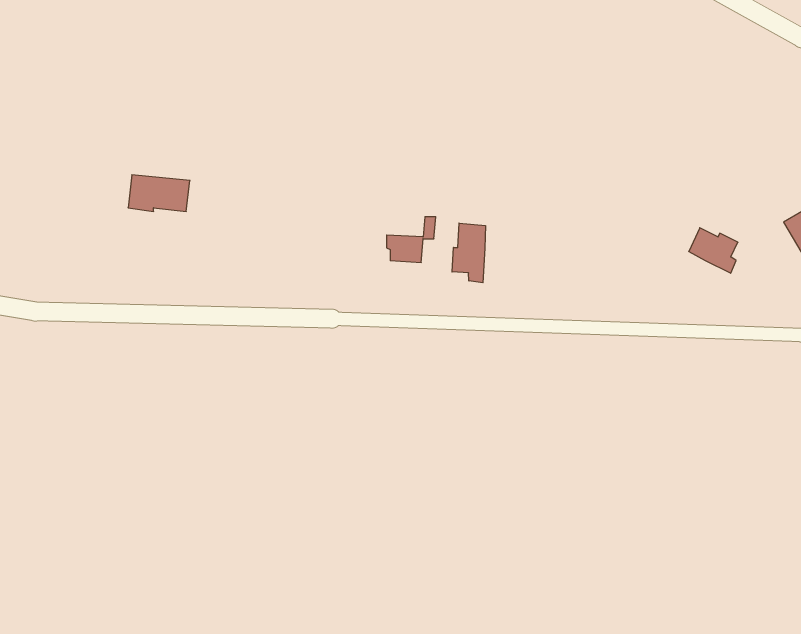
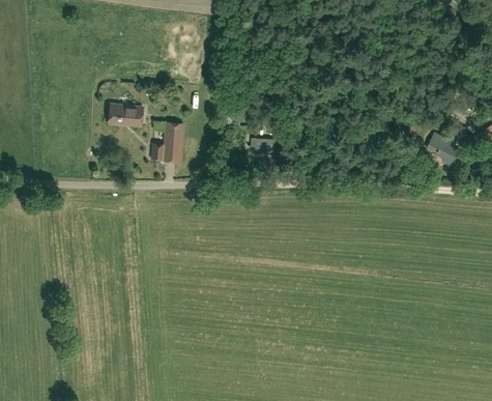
building: none -> [150,123,183,163]
building: [452,223,485,283] -> none

